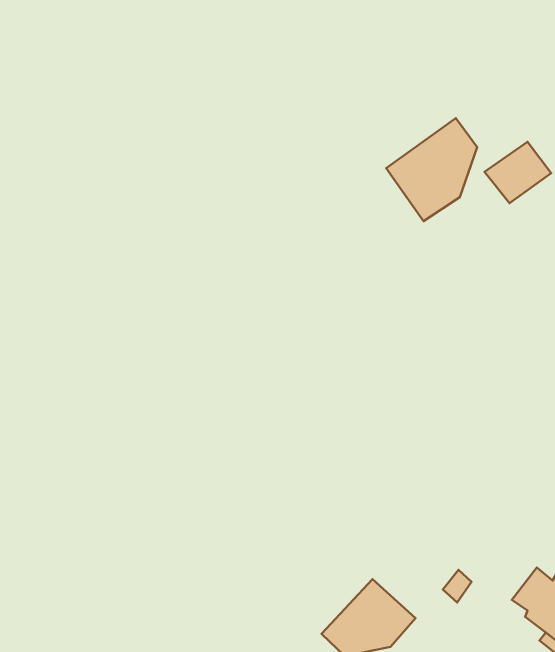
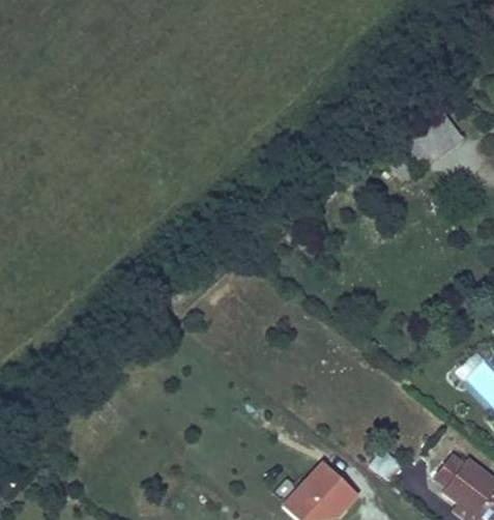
building: [386,118,477,221] -> none

